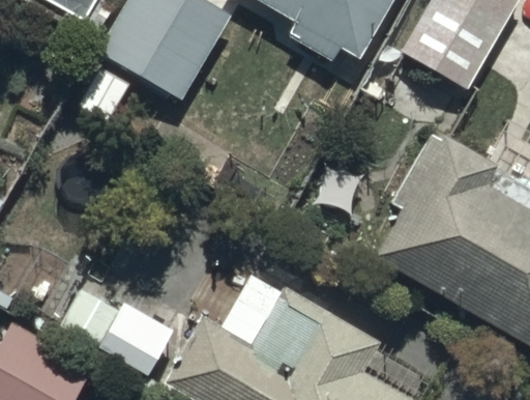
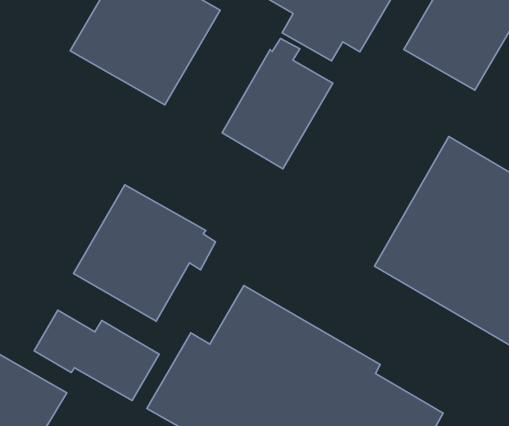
building: none -> [222,38,333,169]
building: none -> [73,185,216,321]

